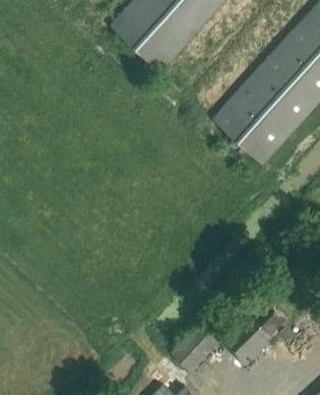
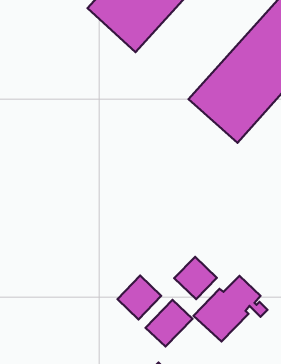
building: none -> [174,257,217,299]
building: none -> [118,276,161,320]

